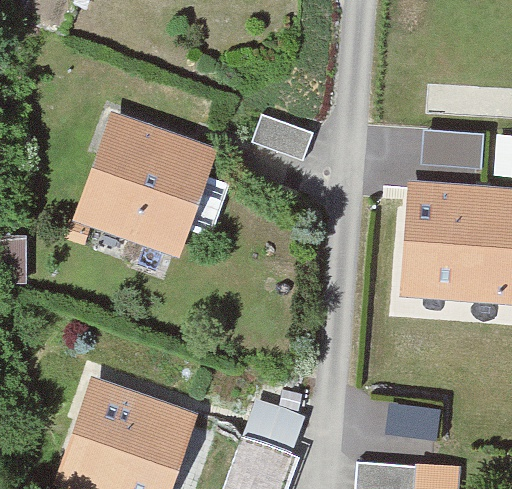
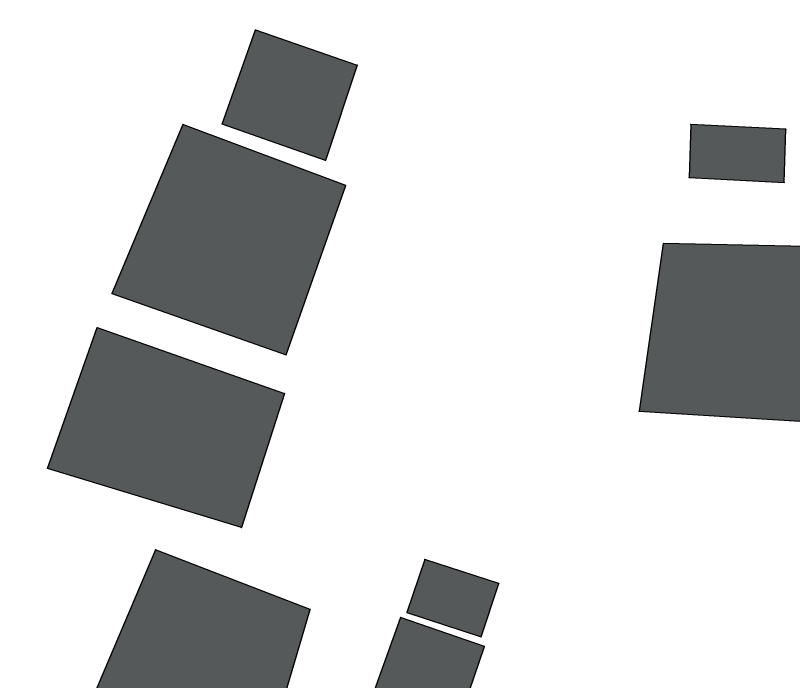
building: none -> [222,30,357,160]
building: none -> [47,328,284,528]

